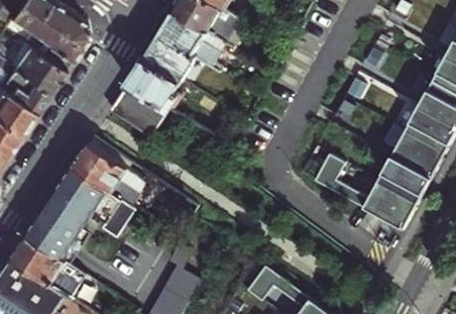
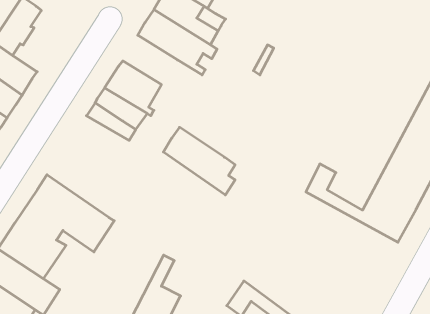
building: [41,11,88,69] -> none
building: [145,34,197,81] -> none
building: [74,142,141,206] -> [163,127,235,195]

